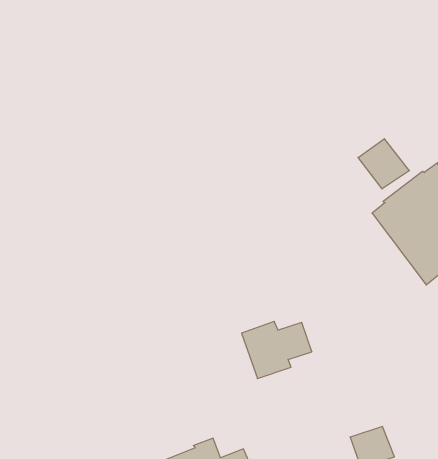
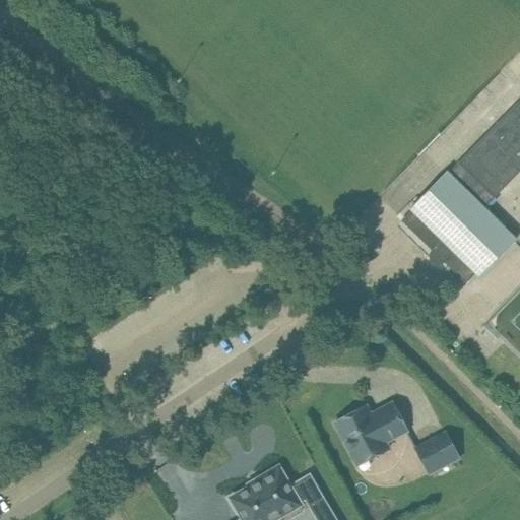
building: [358,139,409,189] -> none
building: [242,321,312,379] -> [334,402,406,464]

